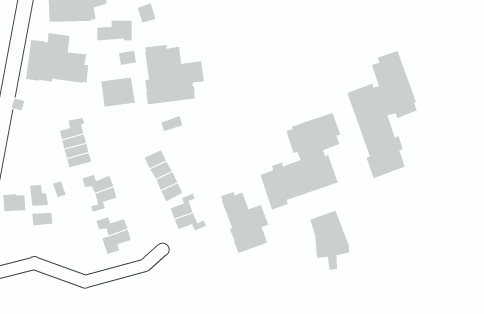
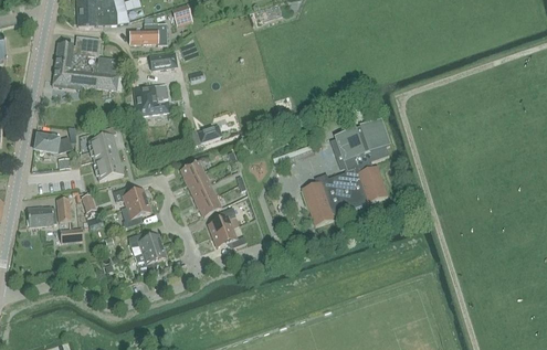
building: [144,44,205,105] -> none
building: [346,50,418,180] -> none
building: none -> [33,134,72,152]
building: [220,191,269,254] -> none
building: [309,210,350,271] -> none

